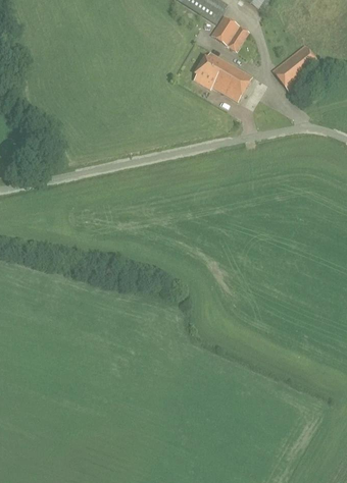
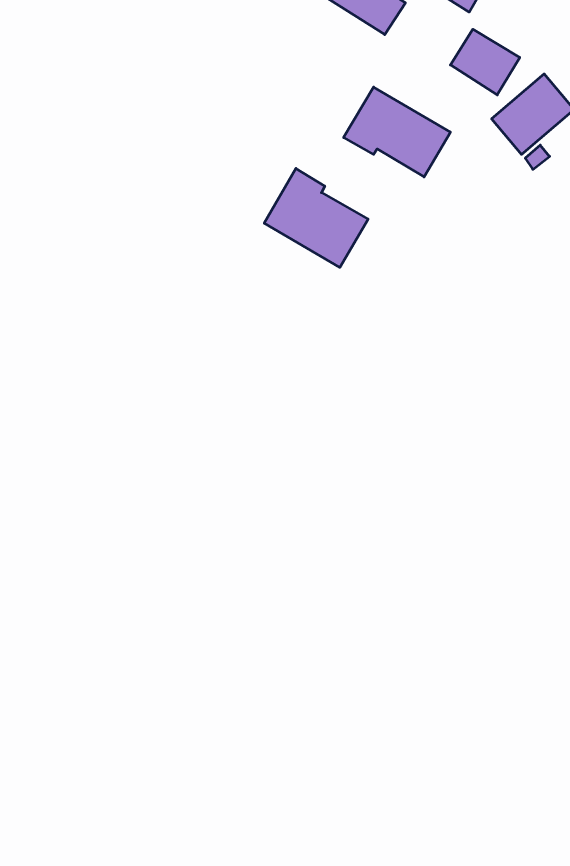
building: [211,14,249,50] -> [450,29,520,95]
building: none -> [264,168,368,267]

